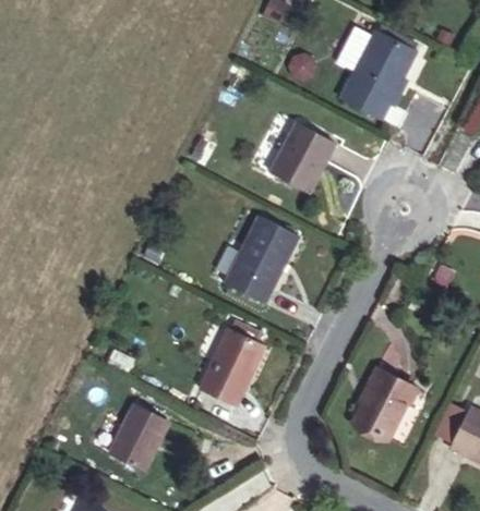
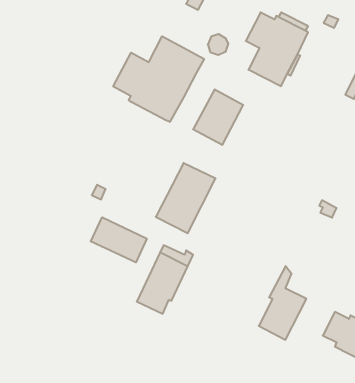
building: none -> [113,36,204,122]
building: none -> [91,217,147,262]
building: [110,404,169,471] -> none

